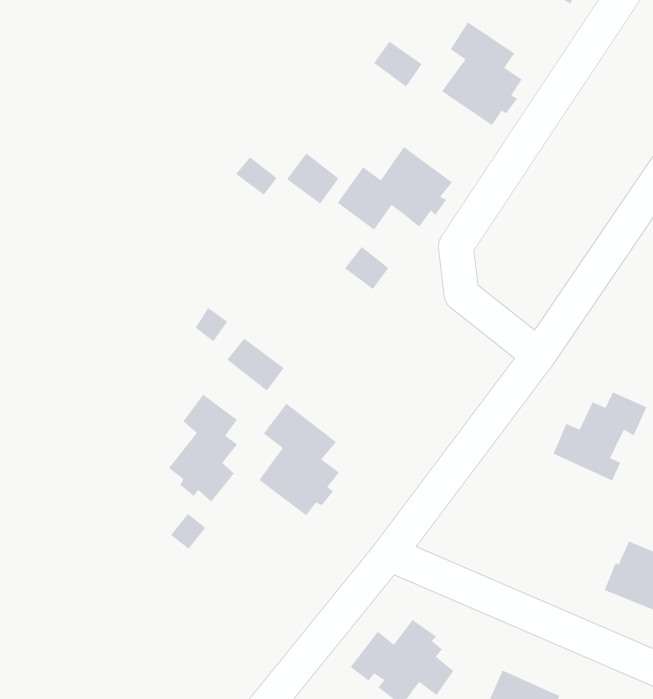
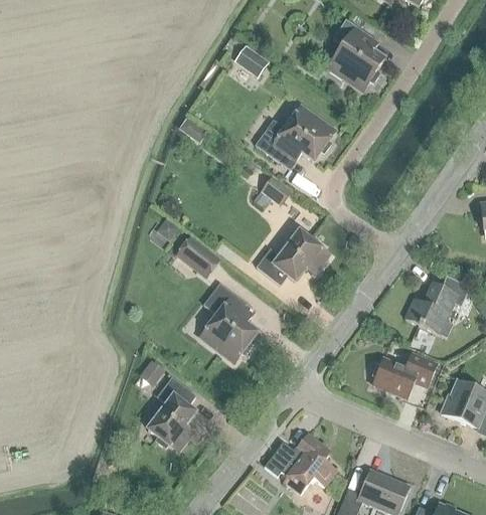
building: [373,41,422,87] -> [234,45,269,77]
building: [286,153,339,204] -> none
building: none -> [256,231,329,286]
building: [168,394,238,502] -> [147,377,195,453]
building: none -> [372,354,436,398]

